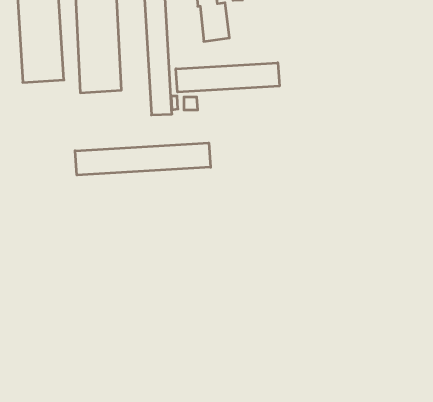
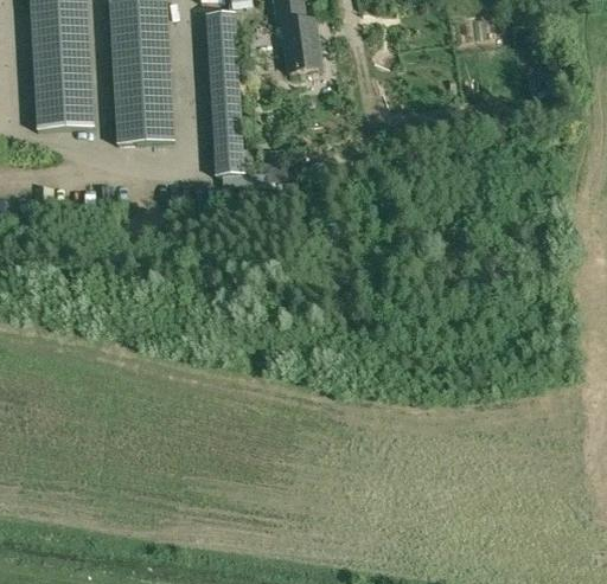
building: [176,63,279,92] -> none
building: [75,143,211,175] -> none

